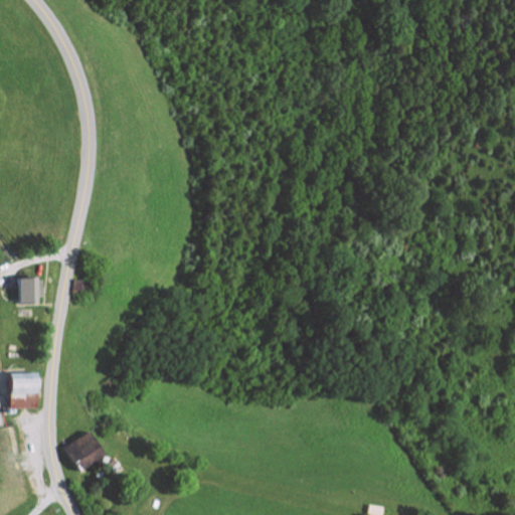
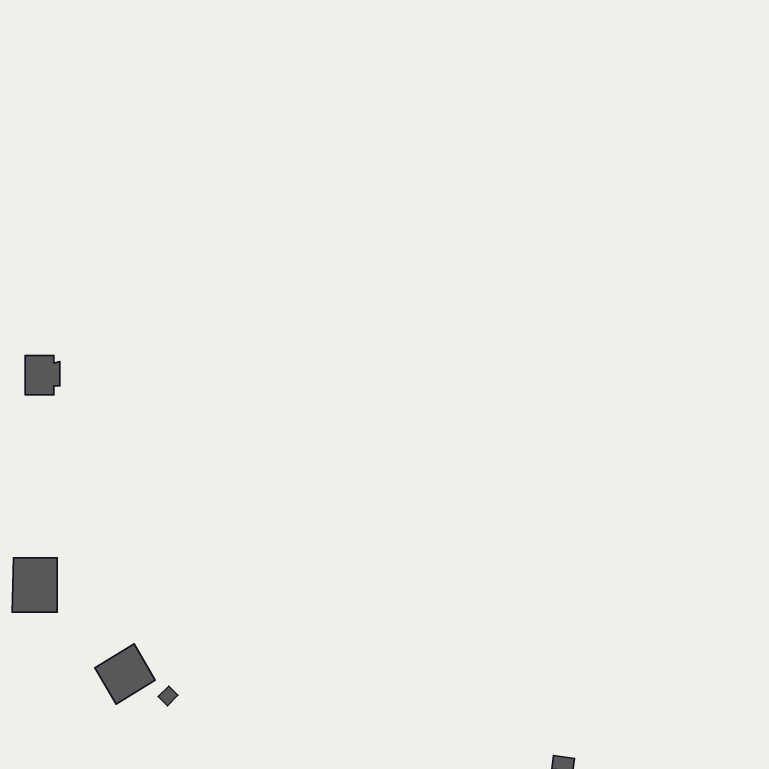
building: [20,278,43,304] -> [25,356,60,395]

